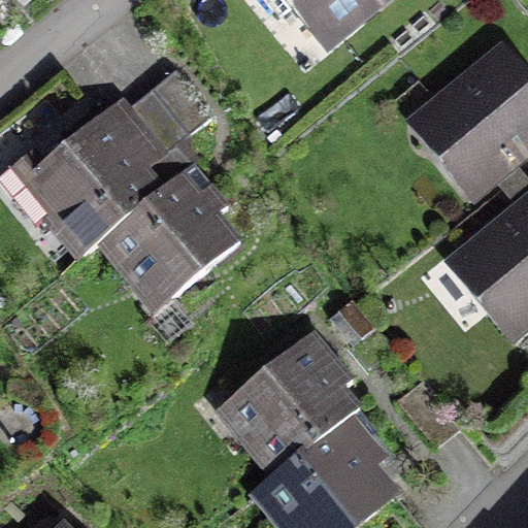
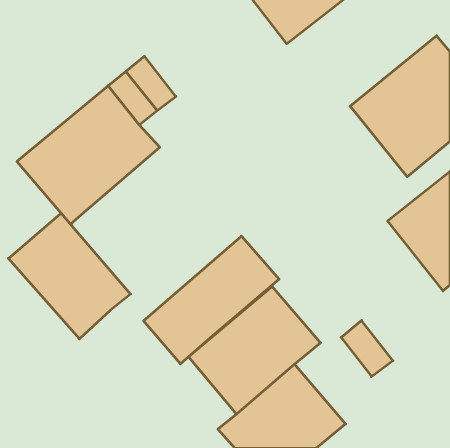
building: [97,160,255,311] -> none
building: none -> [8,213,131,339]
building: none -> [144,236,279,364]

